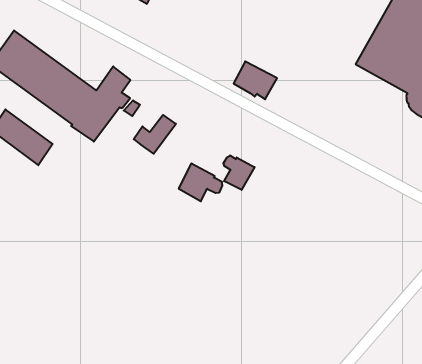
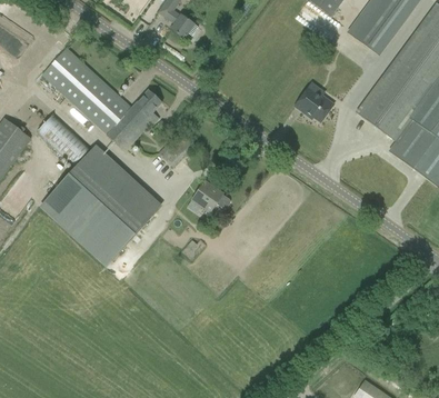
building: [234,61,277,99] -> [295,87,332,121]
building: none -> [44,150,156,259]
building: [223,155,255,190] -> none

